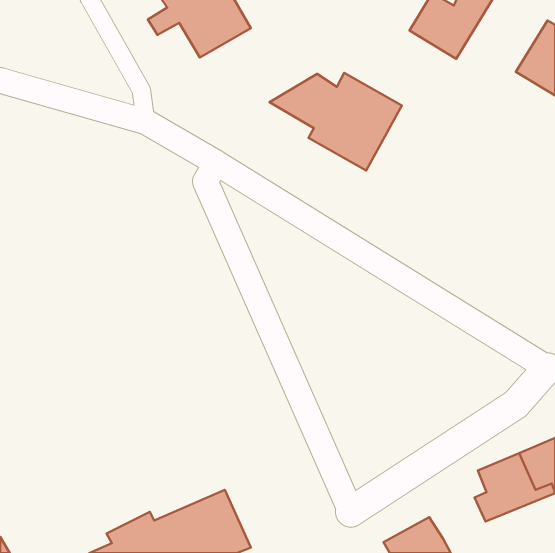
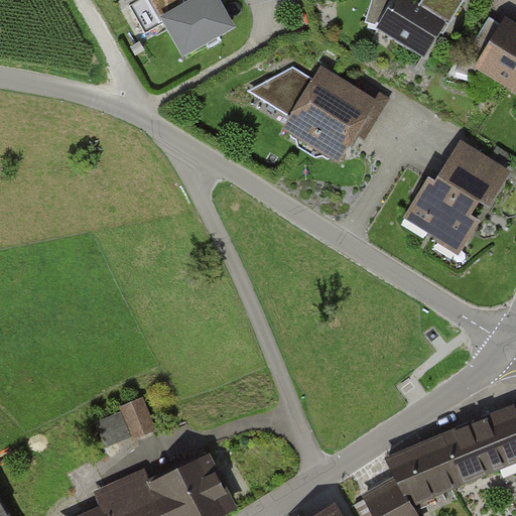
building: none -> [410,144,509,253]
building: none -> [97,395,159,445]
building: none -> [388,436,452,500]

